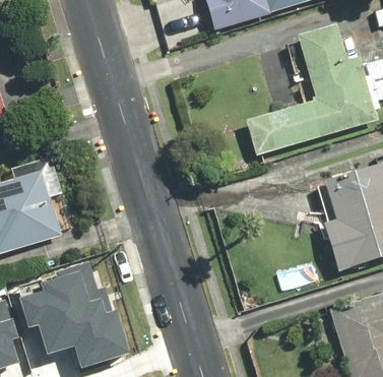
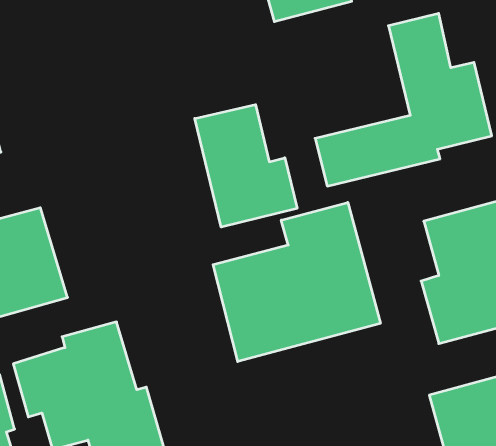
building: none -> [195,105,297,227]
building: none -> [213,202,380,362]

